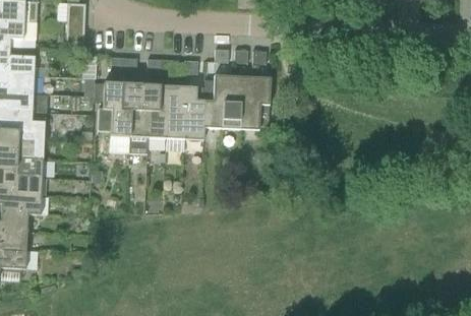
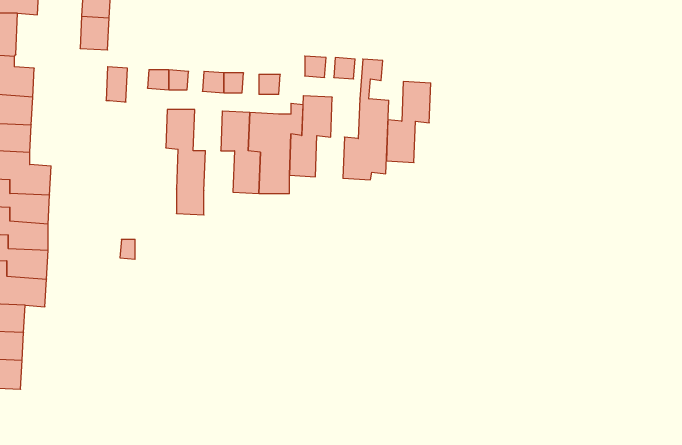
building: [221,75,250,129] -> [386,82,431,163]
building: [96,82,129,152] -> none
building: [139,83,167,138] -> none

